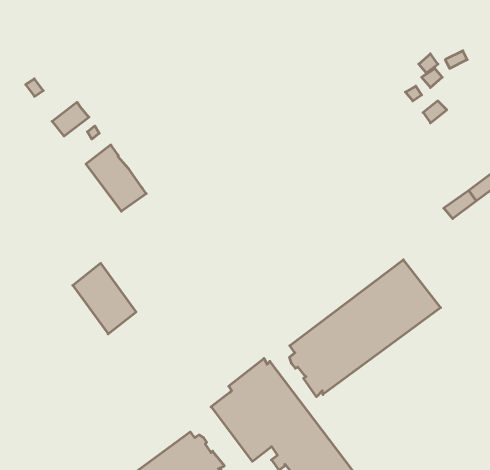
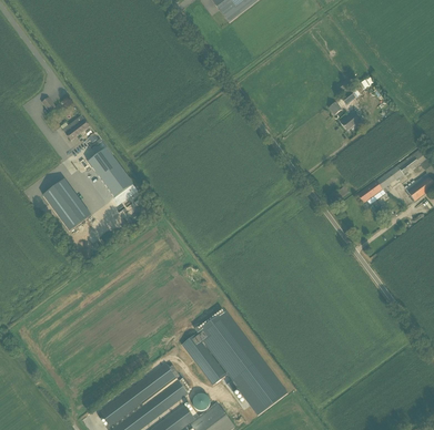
building: [290,260,441,397] -> none
building: [73,263,136,334] -> [42,178,90,232]

